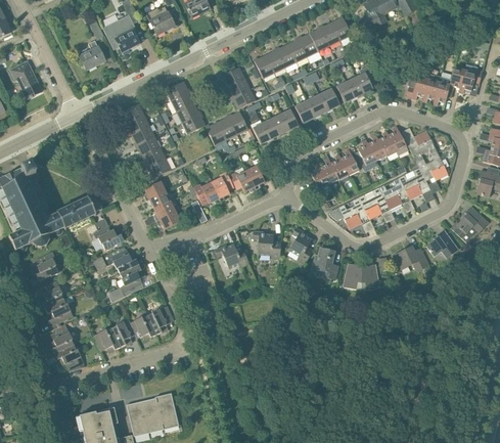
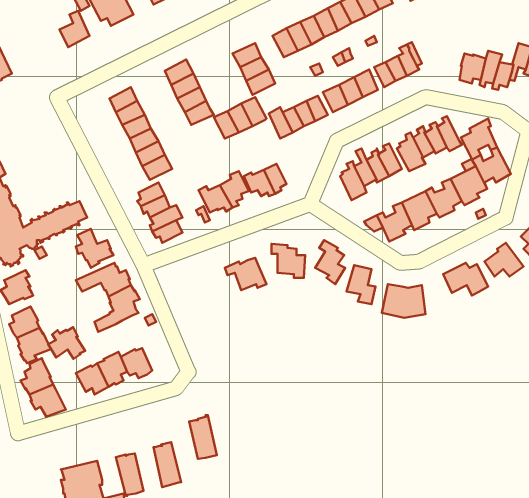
building: none -> [48,327,85,359]
building: [147,304,175,334] -> none
building: [141,396,164,432] -> [189,415,217,459]

